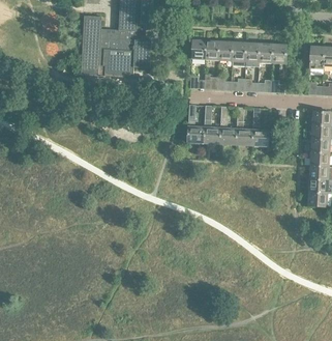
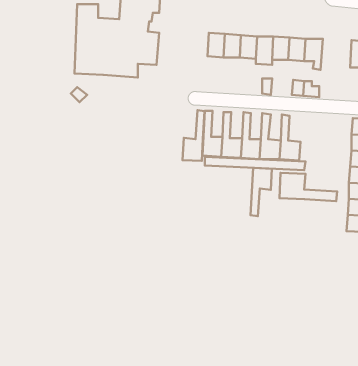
building: none -> [183,110,205,161]
building: none -> [251,168,272,216]
building: none -> [279,173,337,201]

